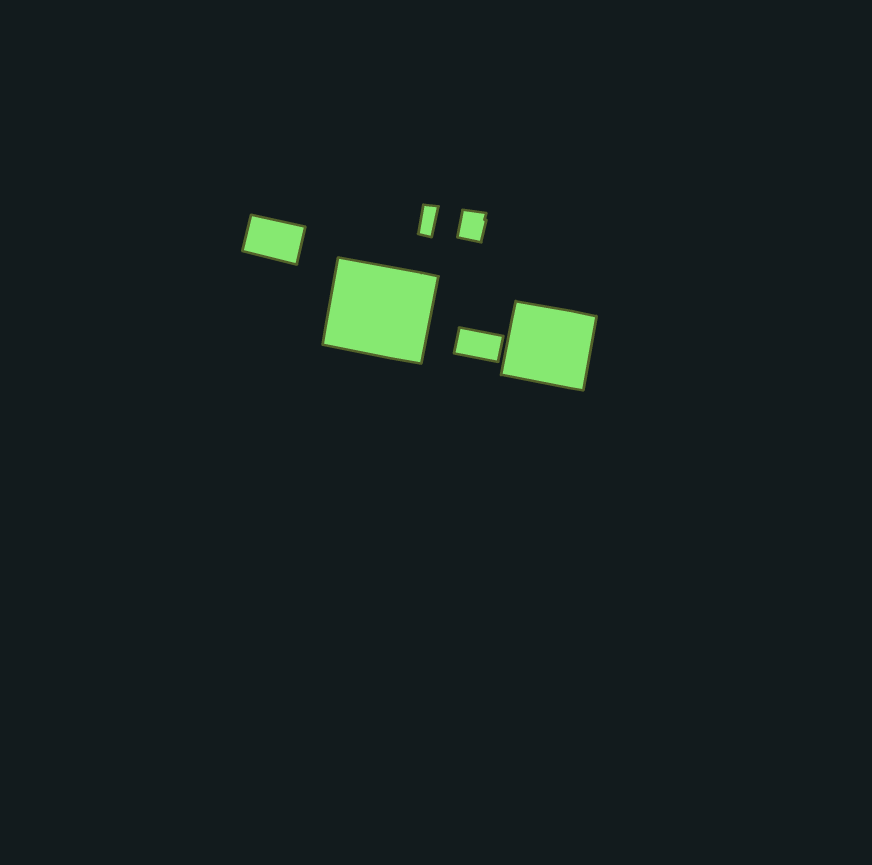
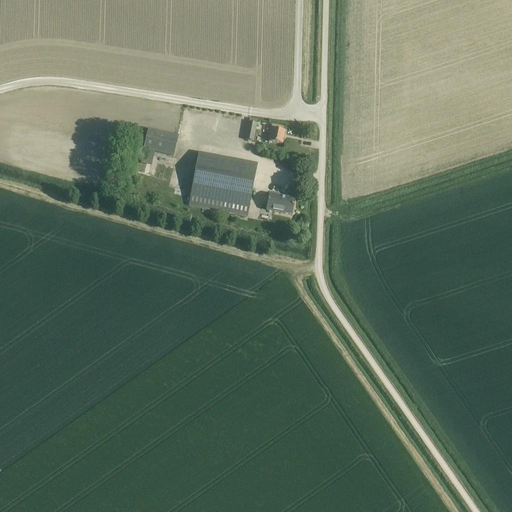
building: [501,301,596,390] -> none

